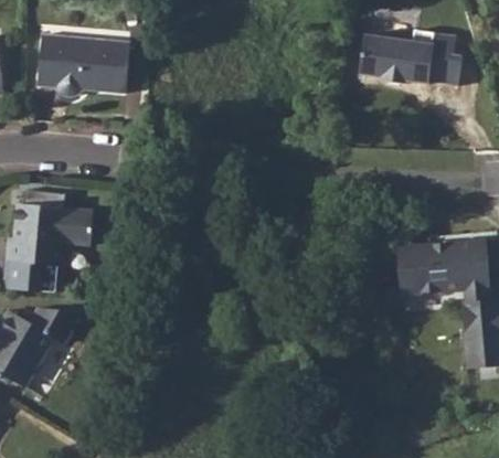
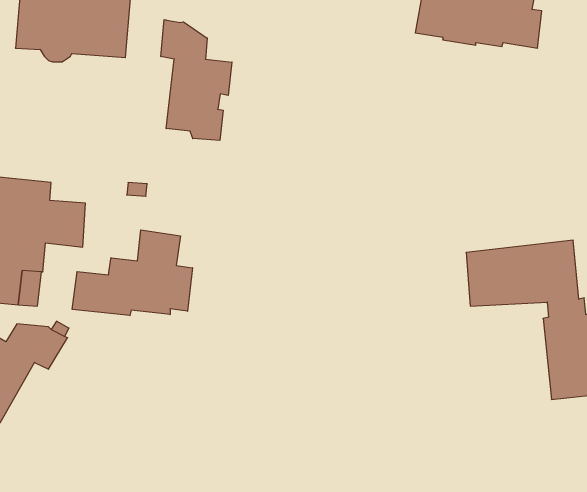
building: none -> [161,20,232,140]
building: none -> [72,230,192,316]

